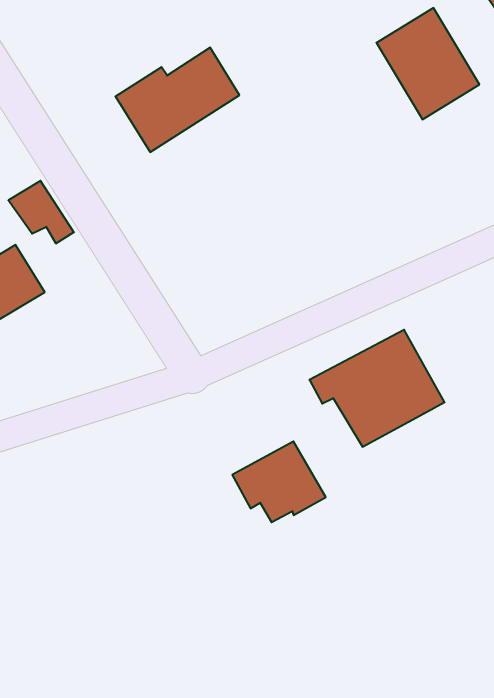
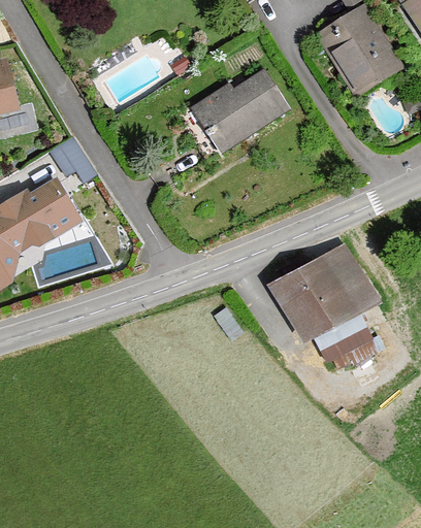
building: [115,48,239,152] -> [195,71,287,148]
building: [232,441,326,522] -> [311,308,380,368]

